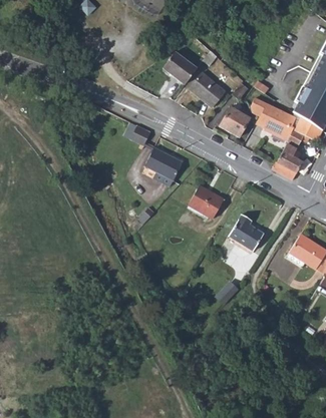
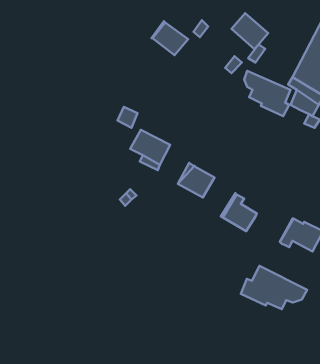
building: [190,72,225,106] -> [231,13,268,49]
building: [220,105,251,137] -> none
building: [277,130,304,172] -> none
building: none -> [241,266,307,309]

